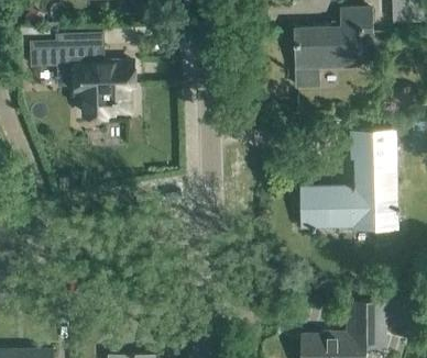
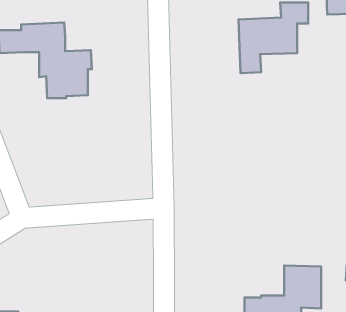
building: [300,131,396,232] -> none

